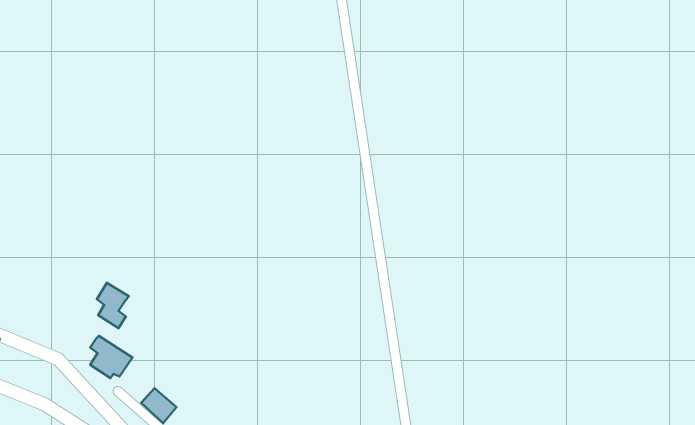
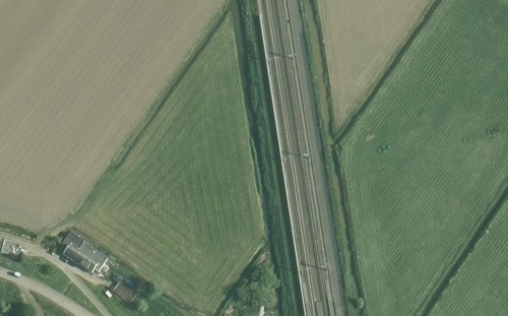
building: [97,283,129,328] -> [62,231,84,262]

